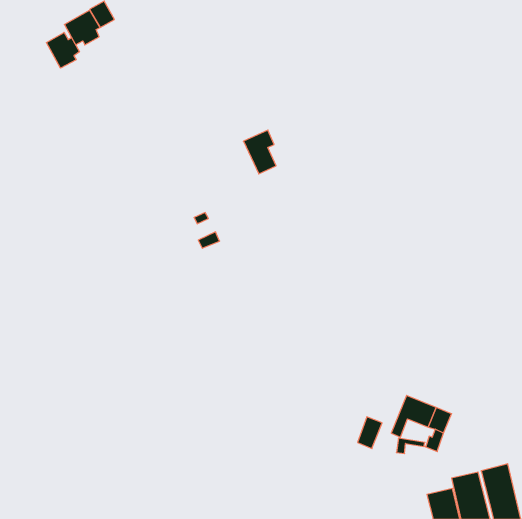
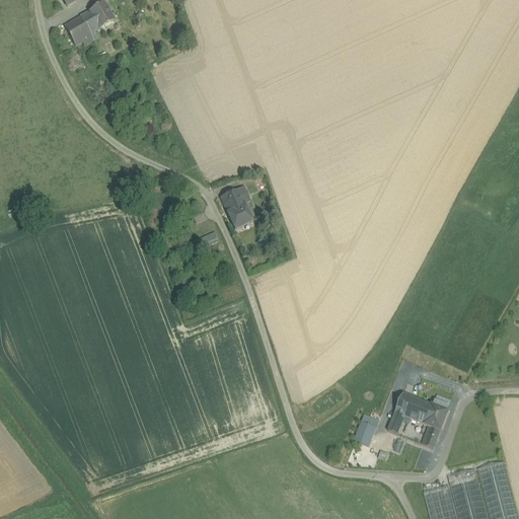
building: [46,32,79,68] -> none
building: [243,130,276,174] -> [220,184,252,228]

